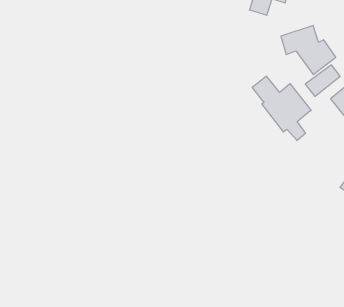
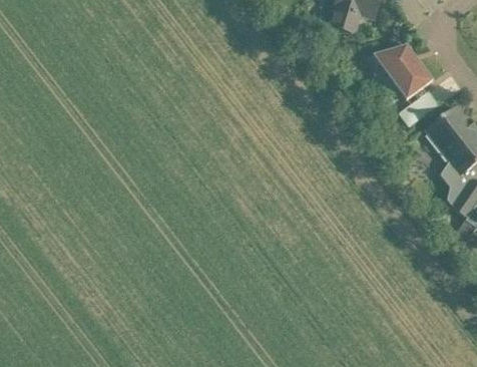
building: [252,76,311,141] -> none

